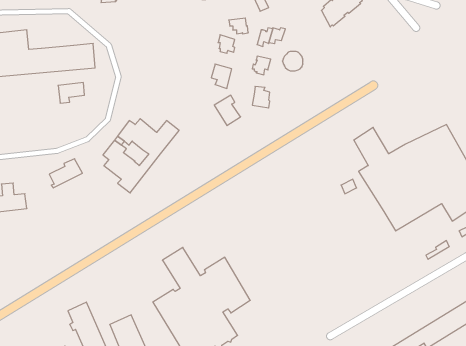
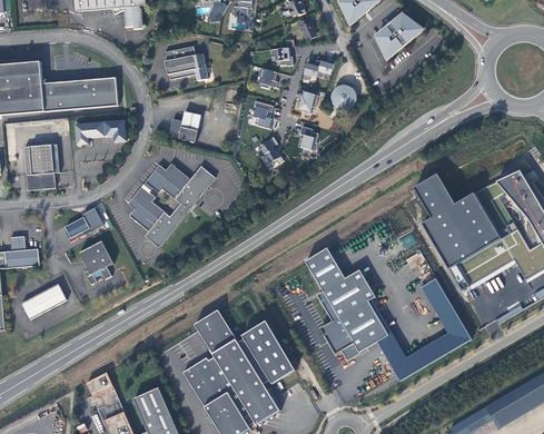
building: none -> [165,46,208,81]
building: none -> [169,110,201,141]
building: none -> [24,145,56,190]
building: none -> [80,240,113,285]
building: none -> [306,247,472,381]
building: none -> [21,284,67,319]

